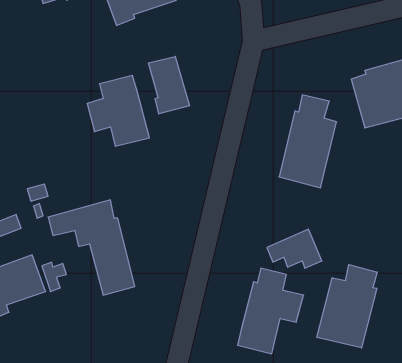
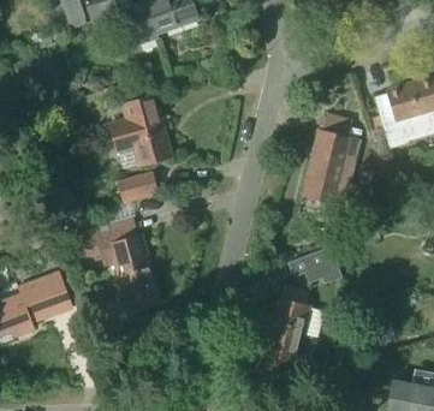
building: [148,56,190,114] -> none
building: none -> [118,172,159,204]
building: [317,265,377,348] -> none

